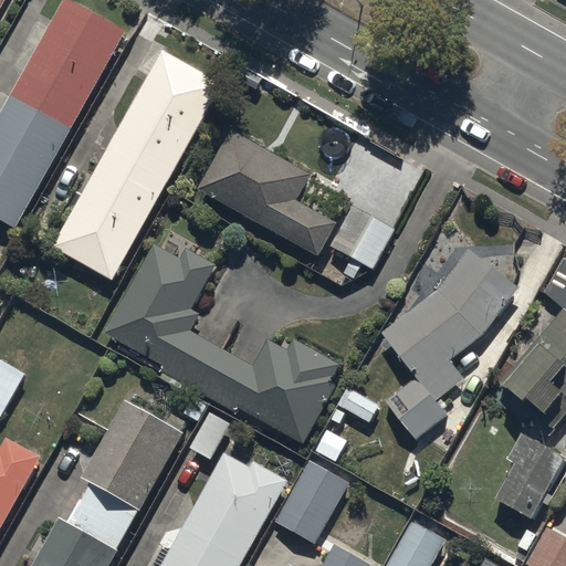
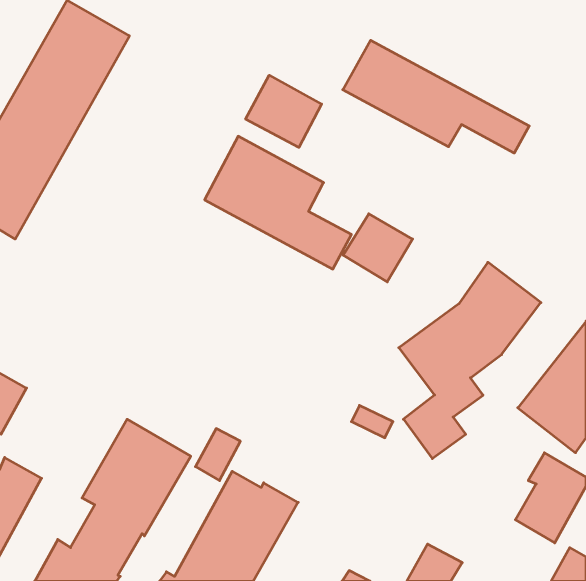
building: none -> [343,40,529,153]
building: [52,52,220,281] -> none
building: none -> [246,75,322,147]
building: [104,243,336,443] -> none
building: [273,449,349,543] -> none

